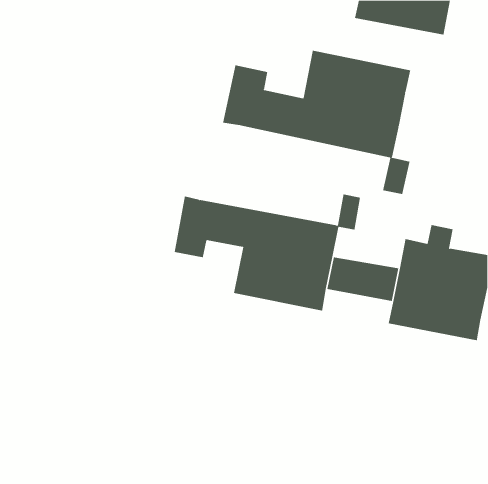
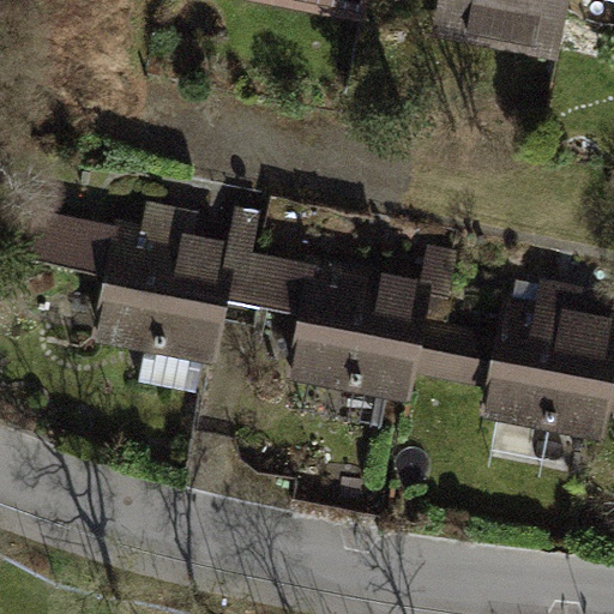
building: [222,50,411,195] -> none
building: none -> [28,210,259,395]

